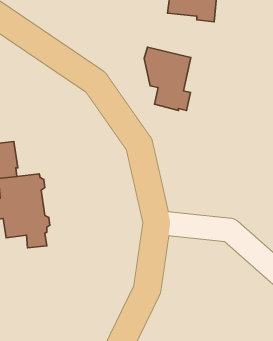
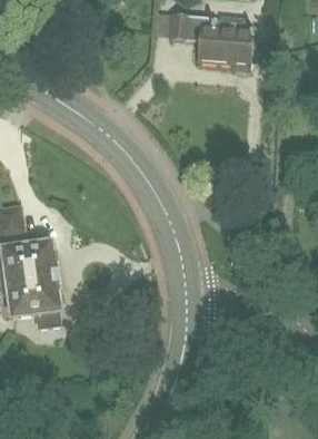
building: [144,47,191,110] -> none

